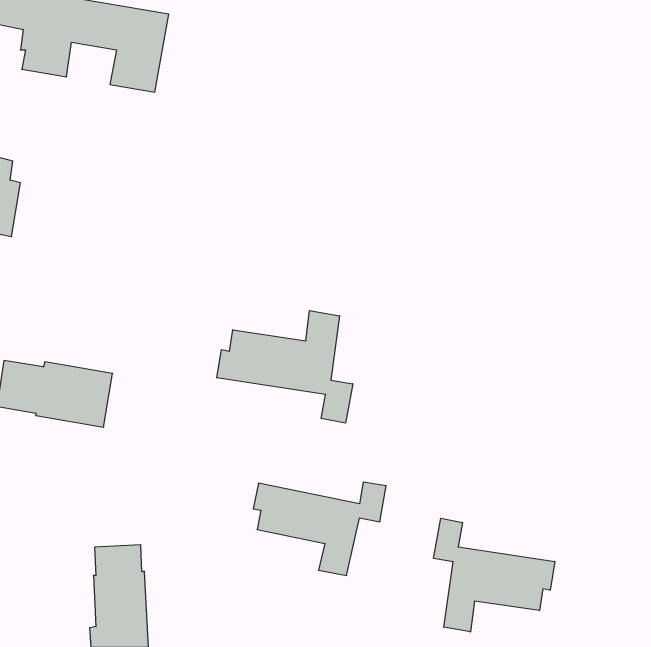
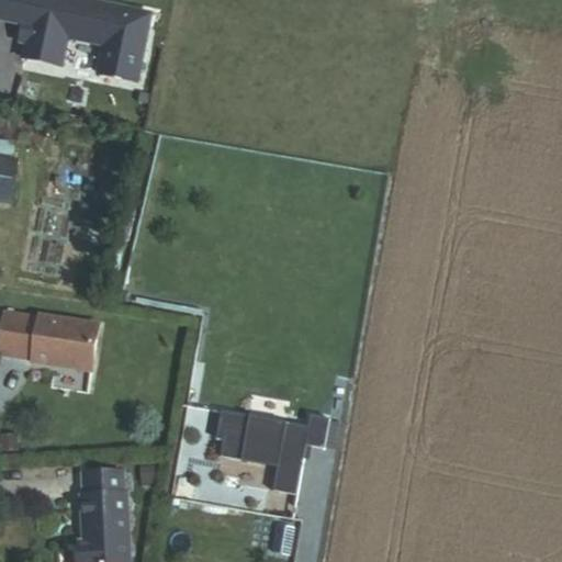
building: [217,311,353,423] -> none
building: [434,518,555,632] -> none

